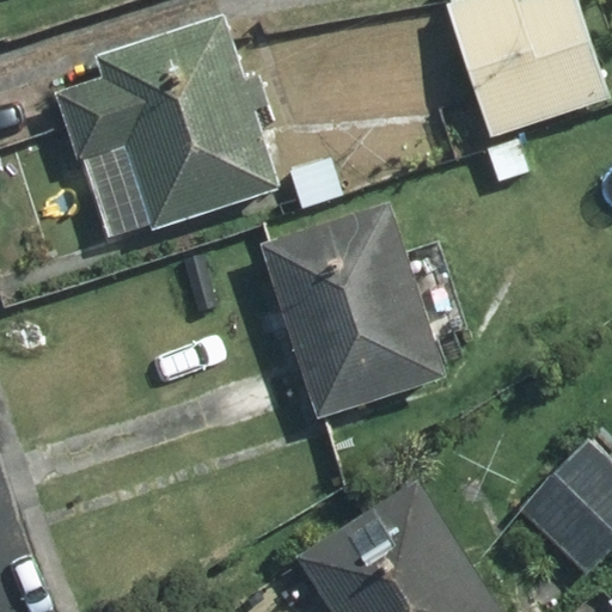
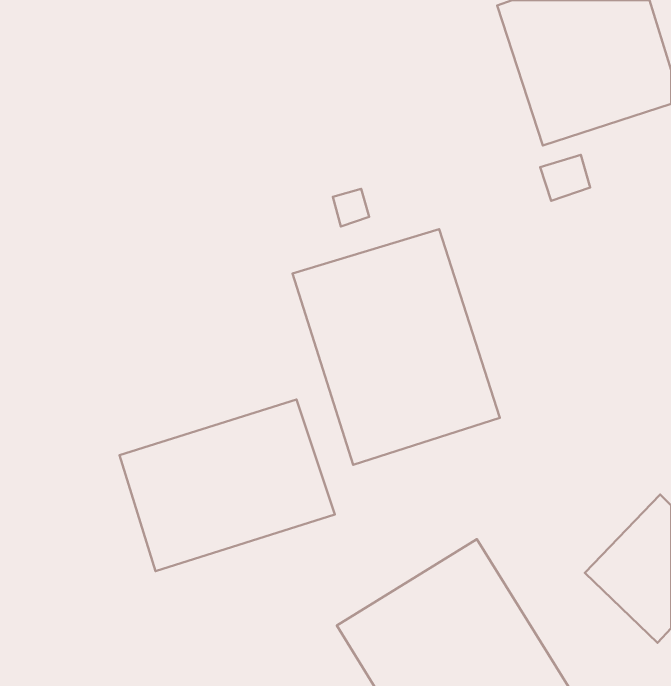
building: [59,14,281,224] -> none
building: none -> [119,400,335,571]

